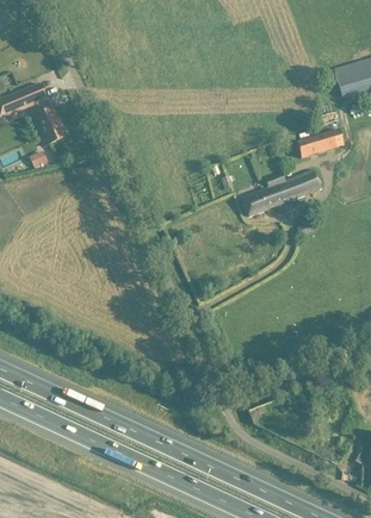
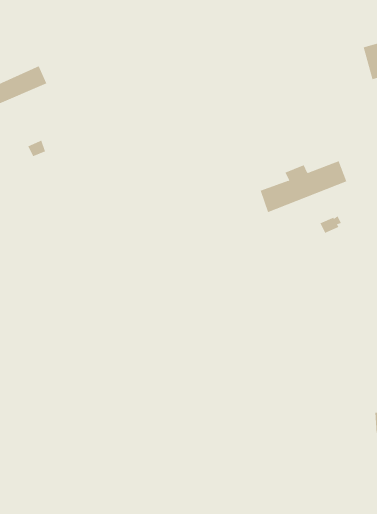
building: [33,110,63,146] -> none
building: [296,129,342,158] -> none

